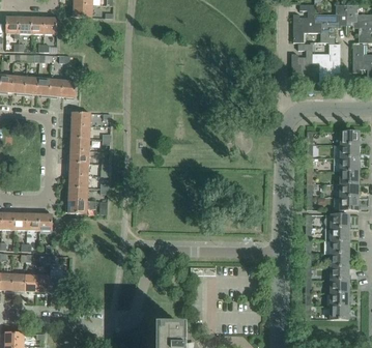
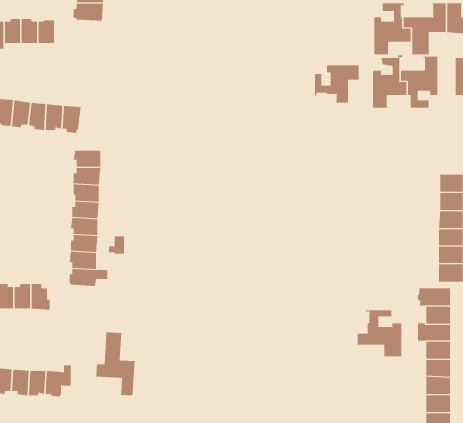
building: none -> [315,65,359,103]
building: none -> [357,310,402,357]
building: none -> [96,332,135,396]

